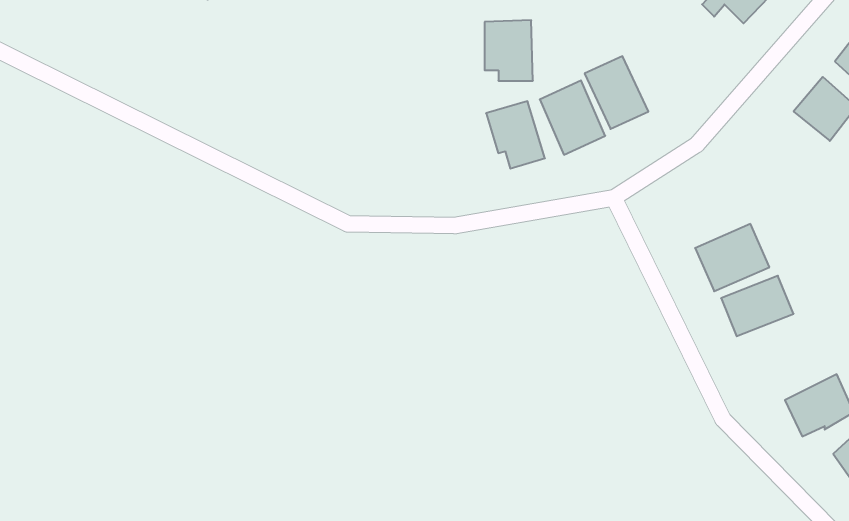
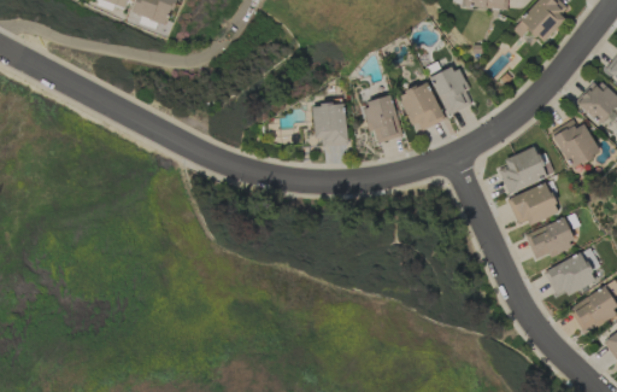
building: [485,20,533,81] -> [313,104,347,146]
building: none -> [550,117,600,170]
building: none -> [499,147,547,193]
building: none -> [545,253,595,294]

